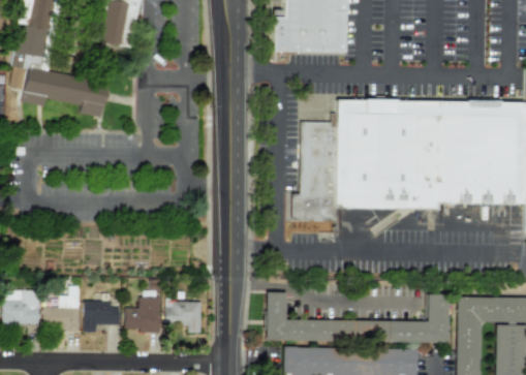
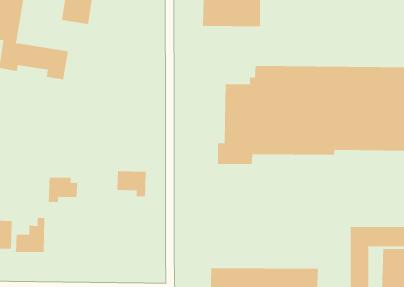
building: [266,291,448,342] -> none
building: [125,298,161,331] -> none
building: [84,301,121,332] -> [48,177,78,202]
building: [165,301,203,333] -> [116,171,147,197]

